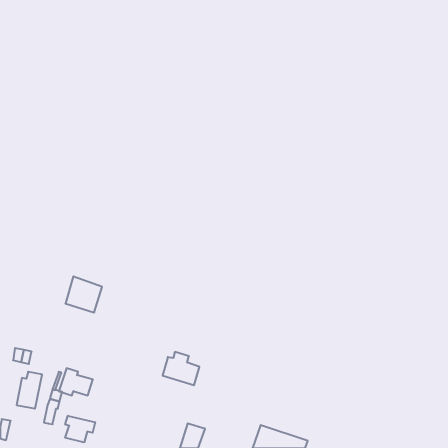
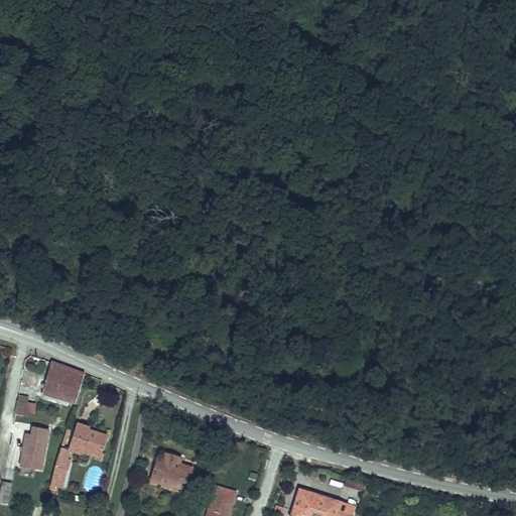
building: [65,276,102,312] -> [42,362,85,403]
building: [163,352,199,385] -> [150,452,192,490]
building: [65,416,95,442] -> none

